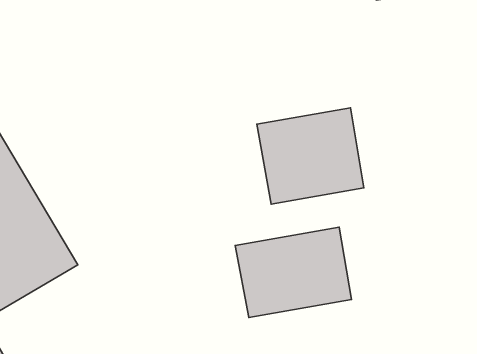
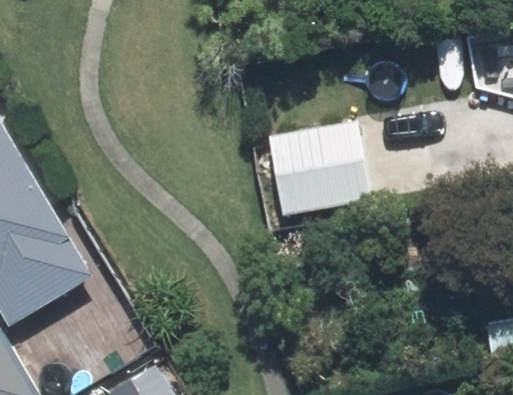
building: [235,227,352,318] -> none

